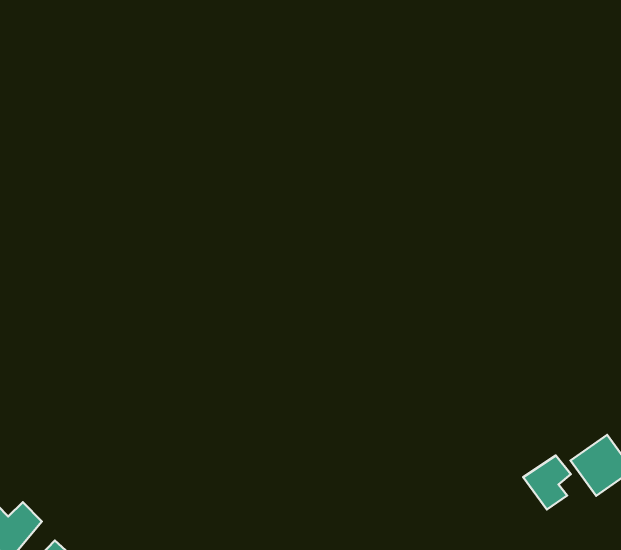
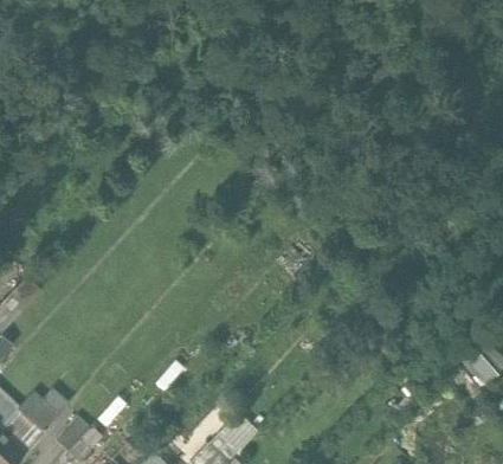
building: [523,455,571,510] -> none

